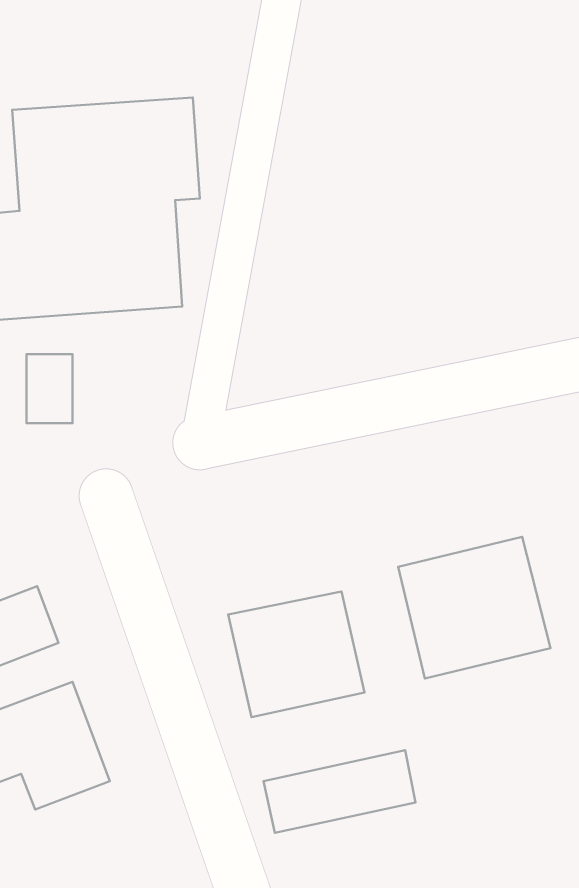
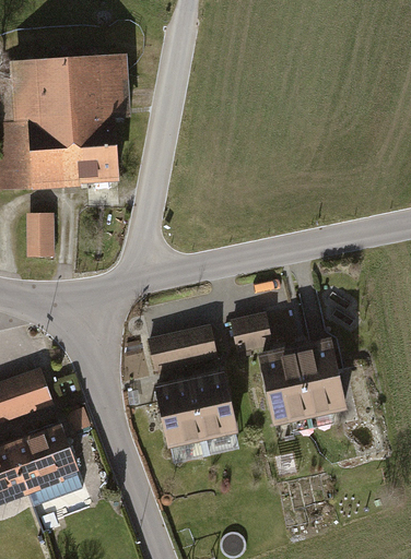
building: none -> [230,311,270,349]
building: none -> [148,324,214,368]
building: [263,750,415,833] -> none

